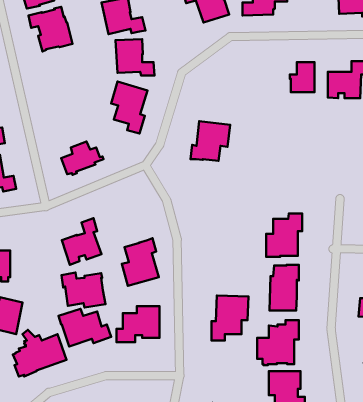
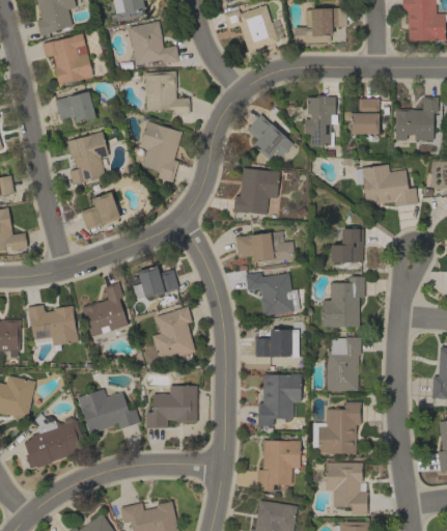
building: none -> [56,91,96,123]
building: none -> [305,96,337,146]
building: none -> [247,114,296,161]
building: none -> [67,132,109,185]
building: none -> [355,165,418,207]
building: none -> [331,229,364,262]
building: none -> [235,231,296,262]
building: none -> [130,266,179,300]
building: none -> [245,273,300,316]
building: none -> [255,330,300,358]
building: [62,272,106,308] -> [27,305,79,346]
building: none -> [257,441,301,491]

